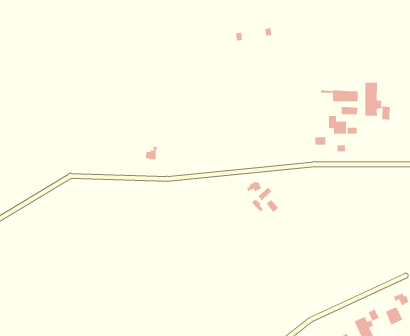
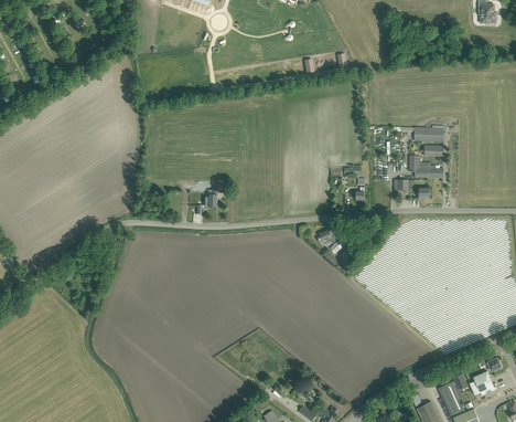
building: [365,82,391,120] -> none

